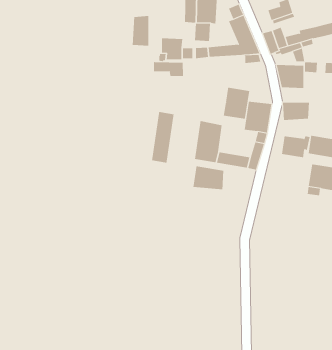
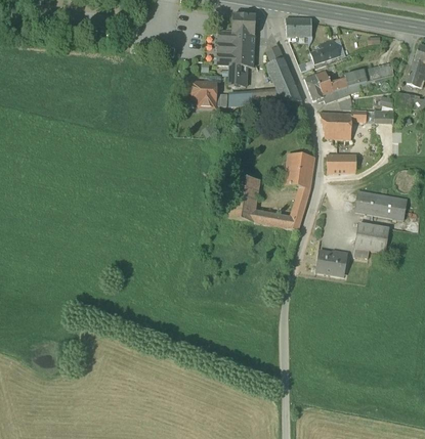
building: [132,15,149,46] -> none
building: [154,61,184,77] -> none
building: [223,87,250,120] -> none
building: [152,111,174,163] -> none
building: [281,136,310,158] -> [315,251,348,275]
building: [193,166,224,190] -> none

